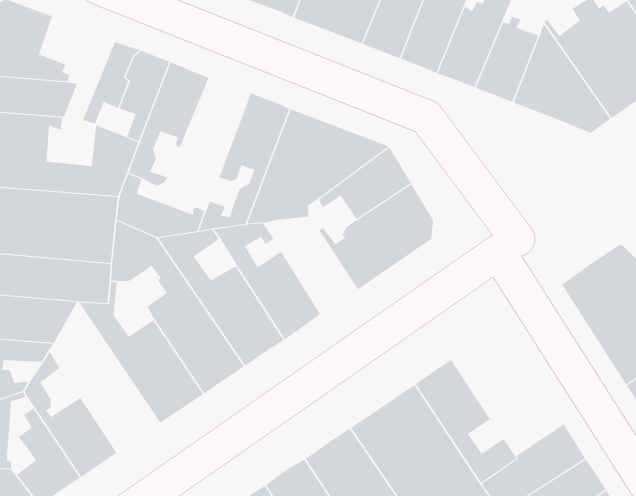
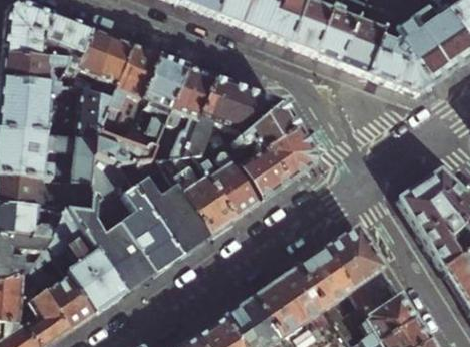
building: none -> [43,14,94,85]
building: none -> [141,56,187,136]
building: none -> [196,151,261,218]
building: none -> [50,210,125,313]
building: none -> [325,226,402,315]

